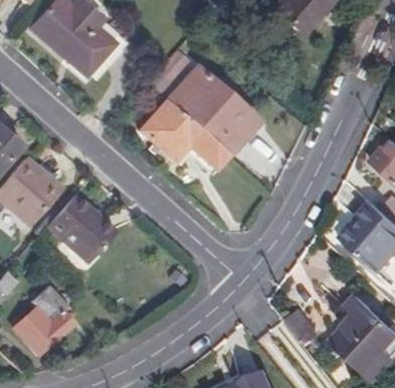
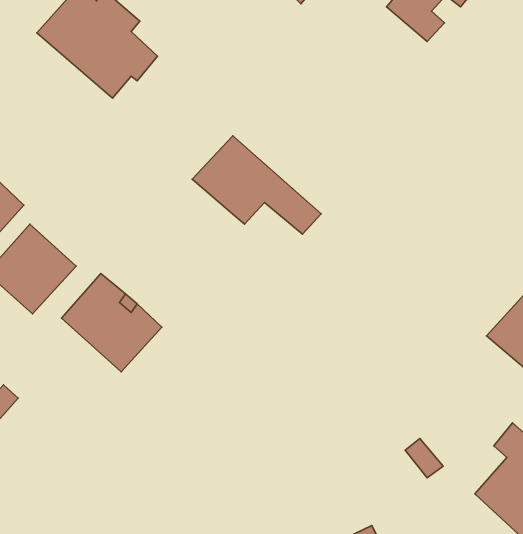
building: [163,64,259,157] -> none
building: [11,283,72,355] -> none

